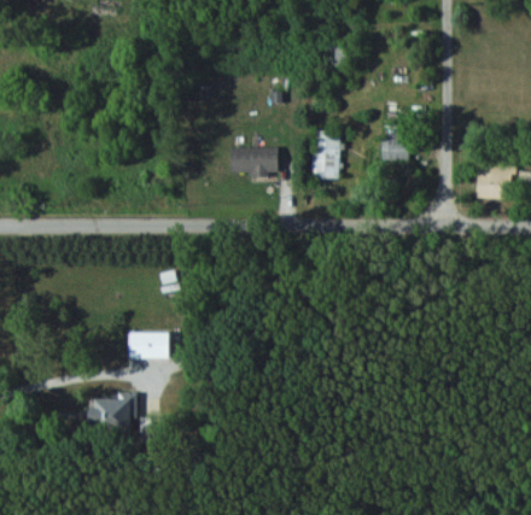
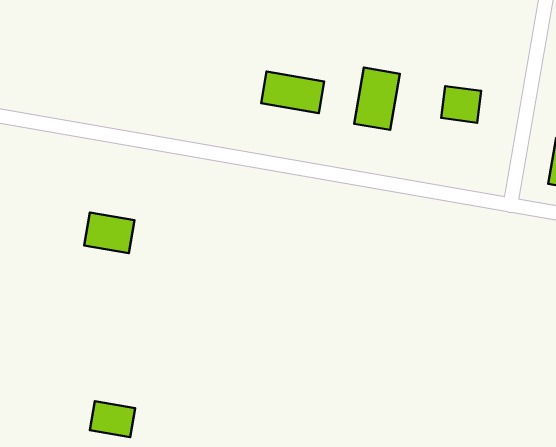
building: [129,333,167,361] -> [84,212,135,253]
building: [87,400,121,425] -> [90,401,135,437]

